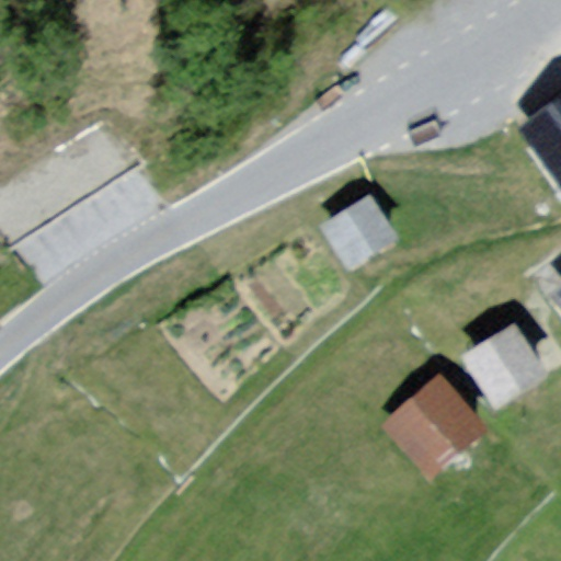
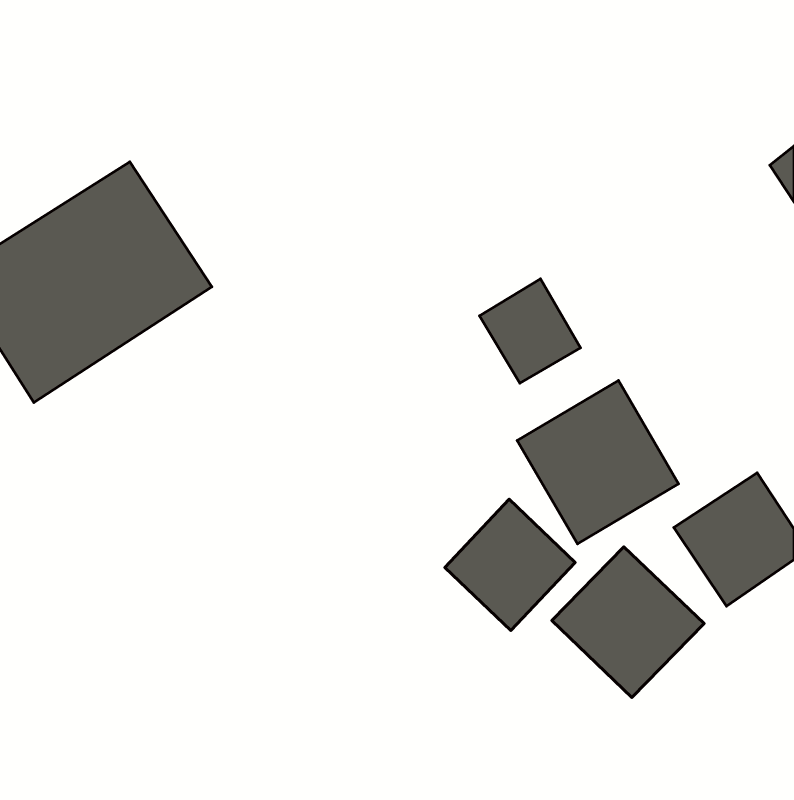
building: none -> [517,381,678,544]
building: none -> [445,499,575,631]

